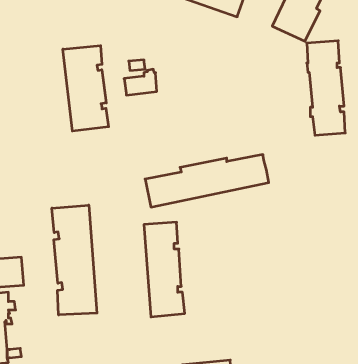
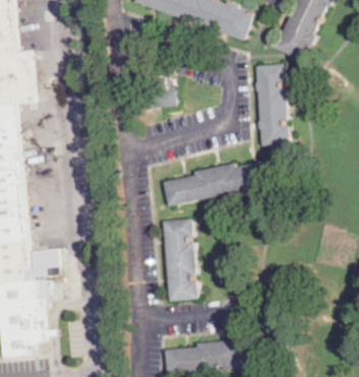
building: [307,41,345,135] -> [255,63,289,145]
building: [63,46,109,131] -> none
building: [52,205,97,315] -> none

